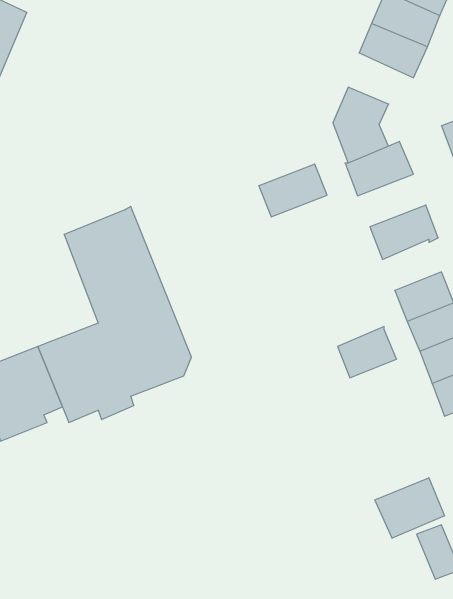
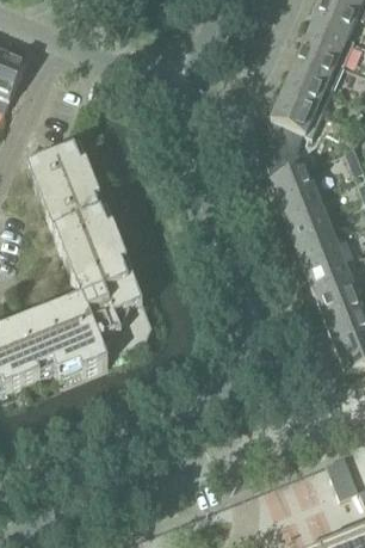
building: none -> [270,92,322,135]
building: none -> [26,144,100,232]
building: [259,164,327,217] -> [279,185,332,226]
building: [338,326,397,378] -> [298,235,344,275]
building: [375,478,445,538] -> none

